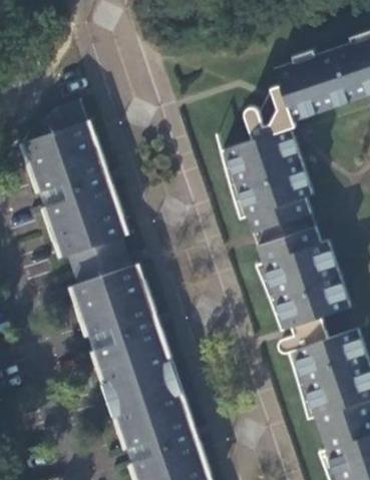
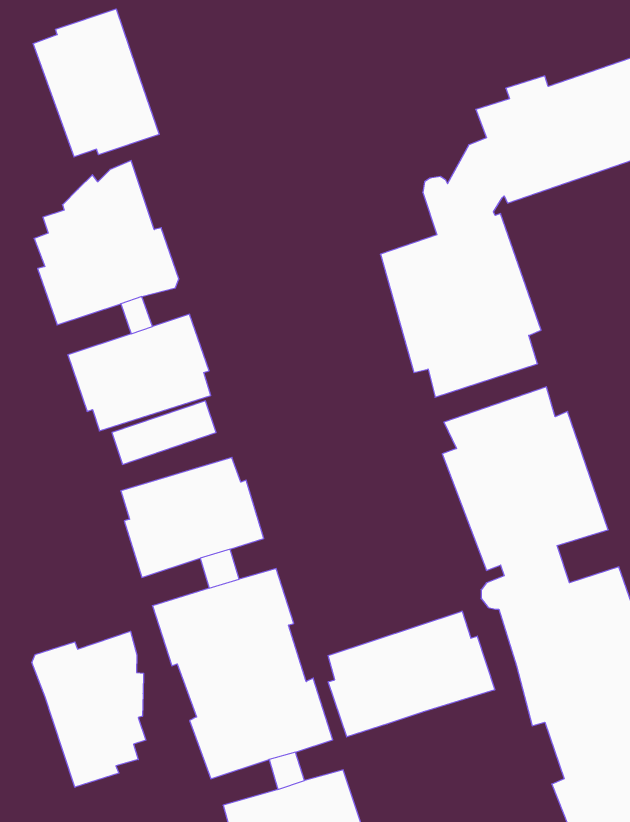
building: none -> [33,9,159,157]
building: none -> [328,611,495,737]
building: none -> [32,631,146,787]

